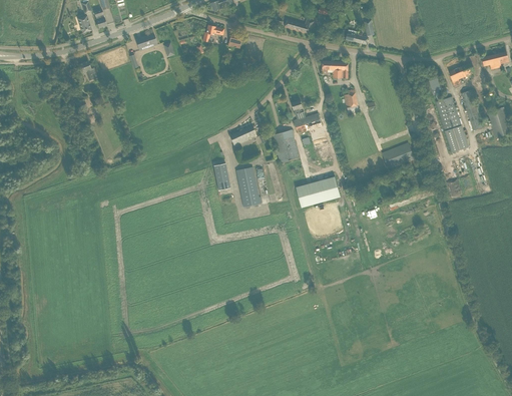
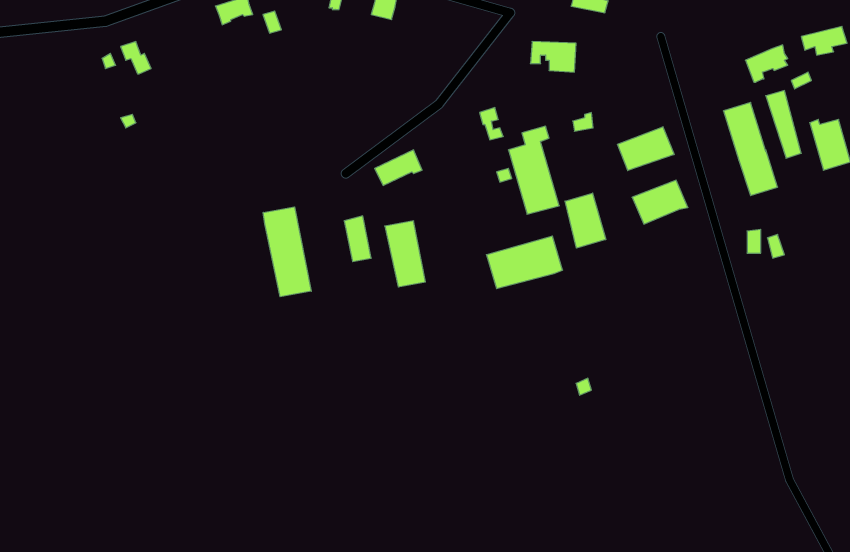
building: none -> [617,127,674,171]
building: [273,128,300,161] -> none
building: none -> [565,193,606,248]
building: none -> [263,207,311,297]

